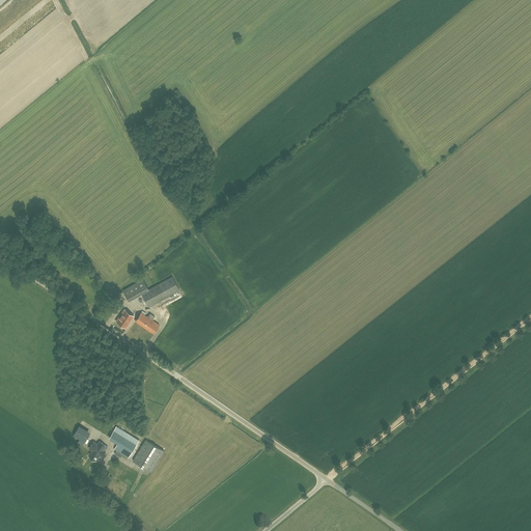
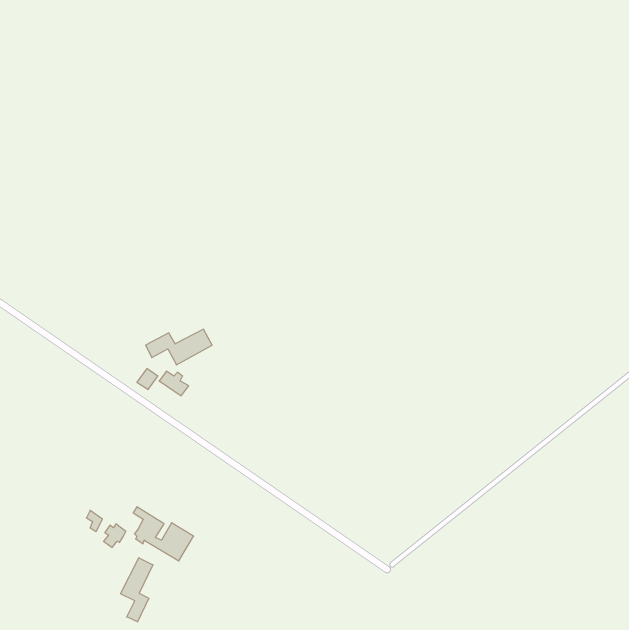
building: none -> [121,558,153,622]

